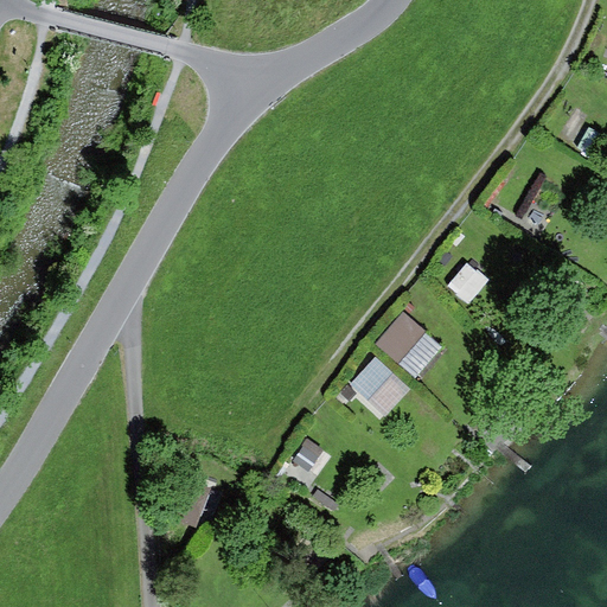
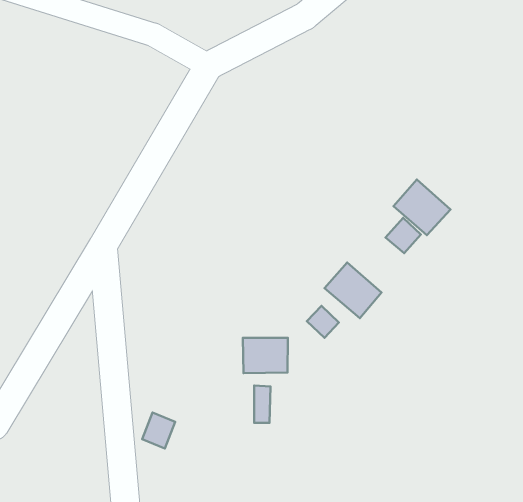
building: none -> [393,179,450,235]
building: none -> [243,338,288,373]

